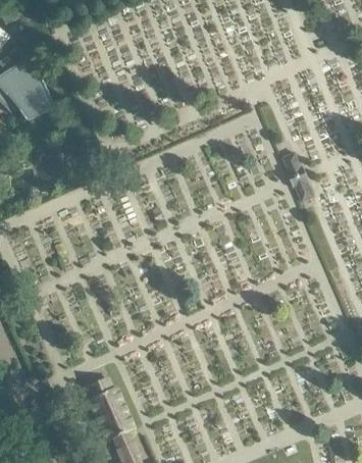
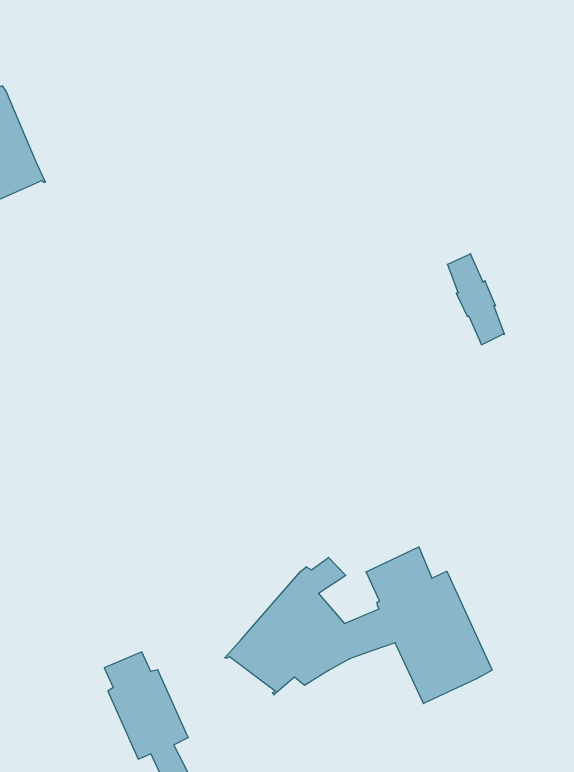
building: none -> [225,547,492,704]

